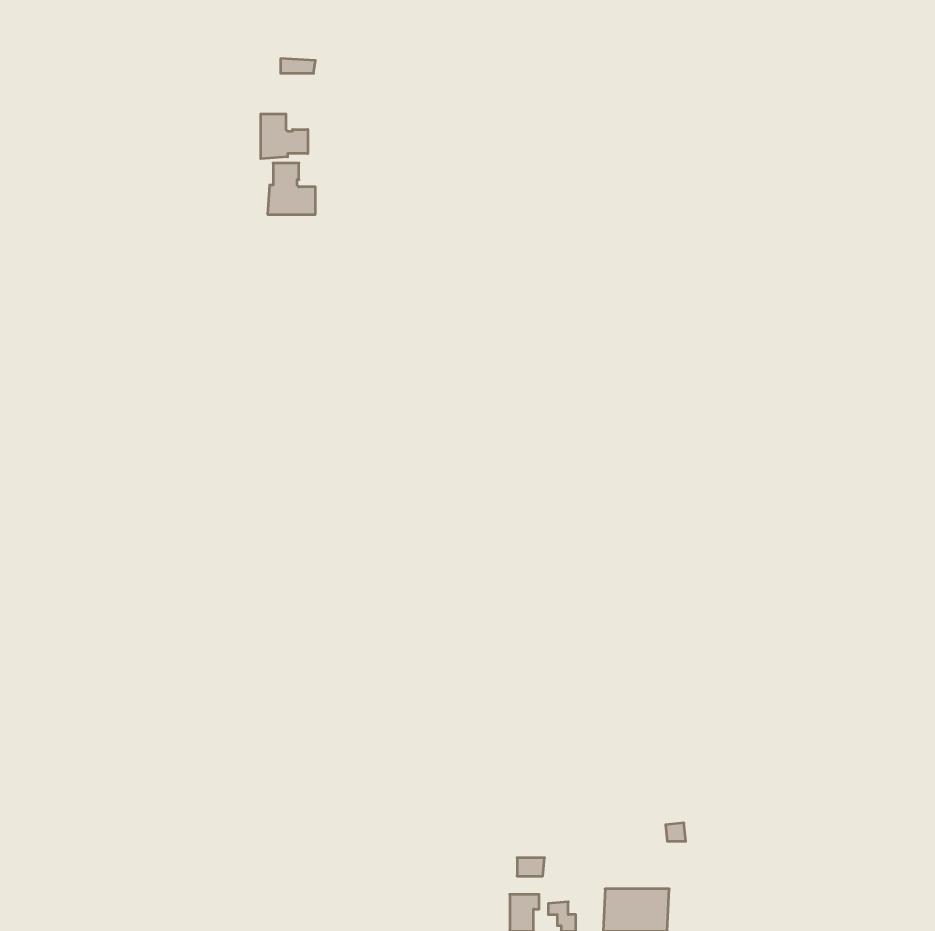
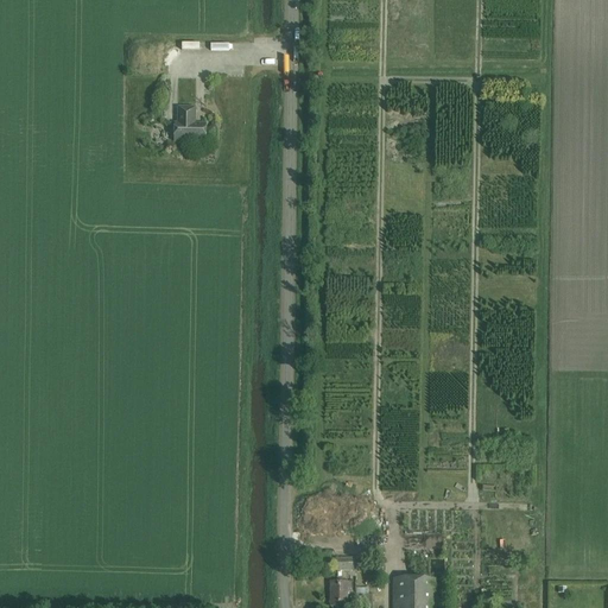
building: [261,114,308,159] -> none

